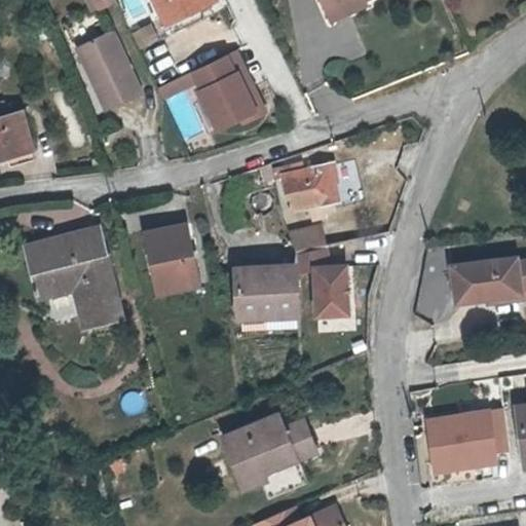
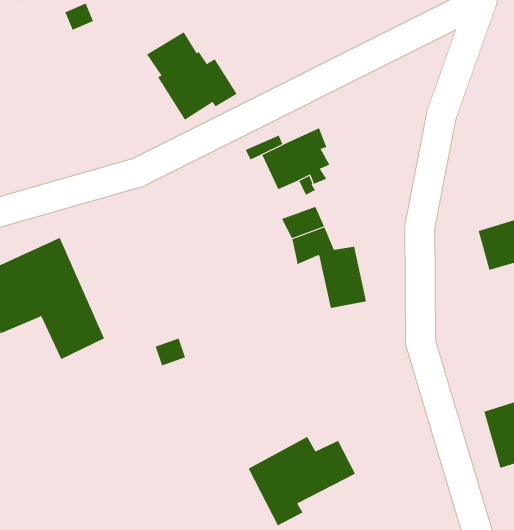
building: [78,33,143,114] -> none
building: [143,224,194,292] -> none
building: [237,267,297,315] -> none

